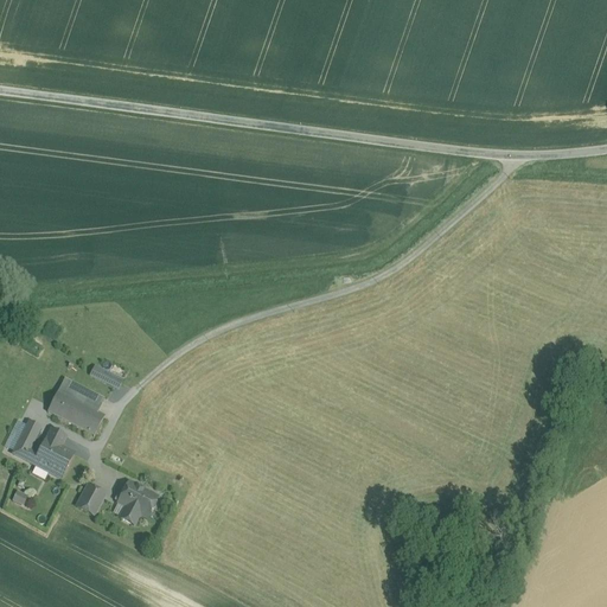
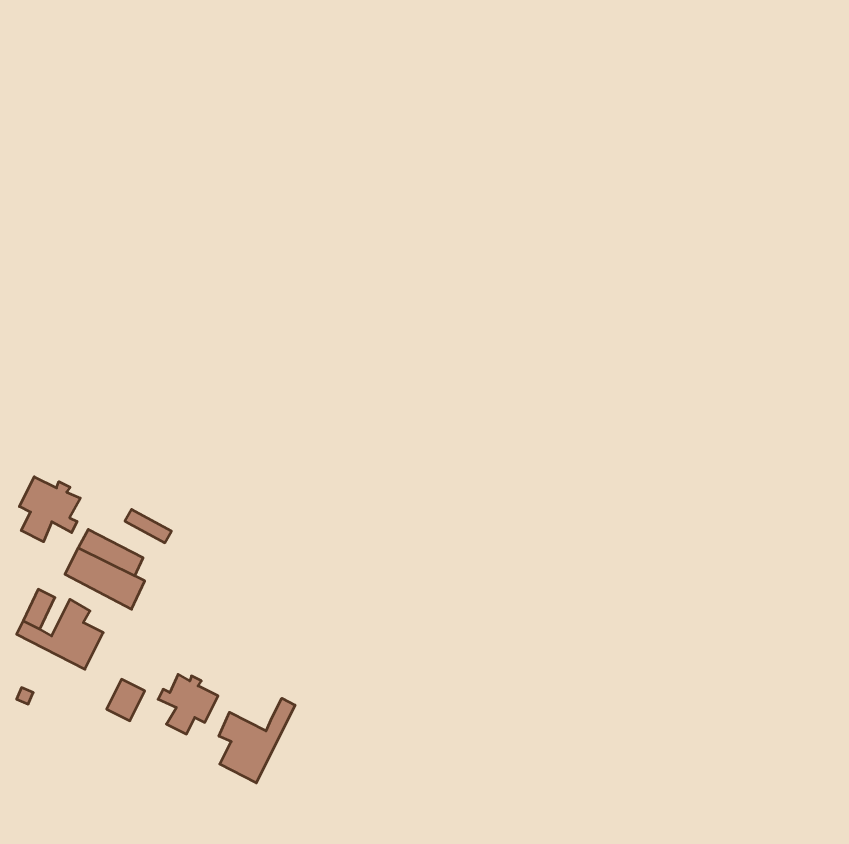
building: none -> [19,477,80,542]
building: none -> [219,698,295,783]

